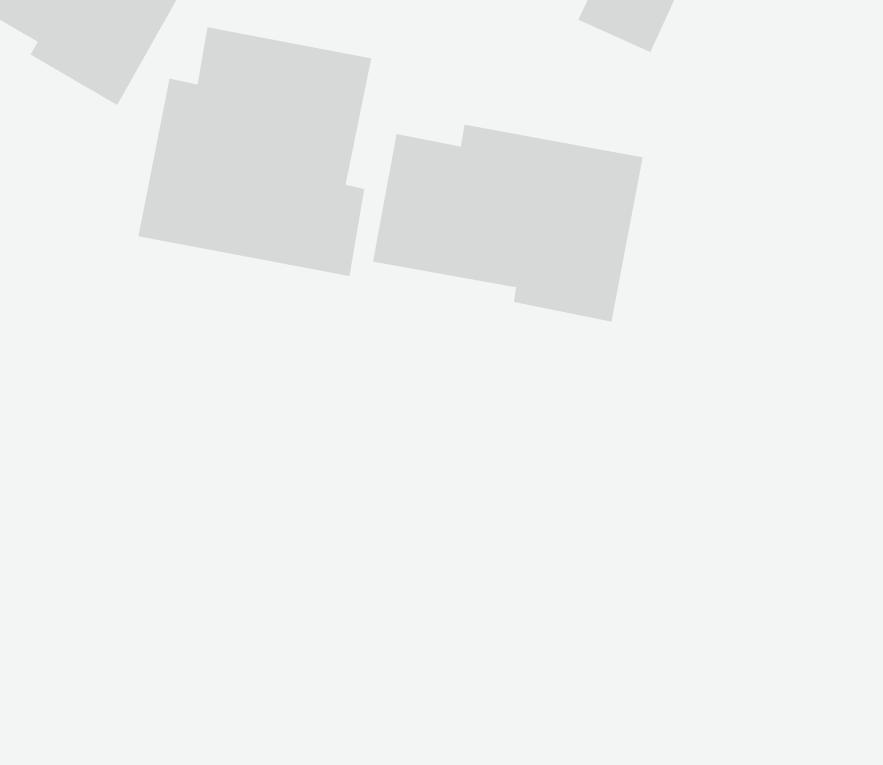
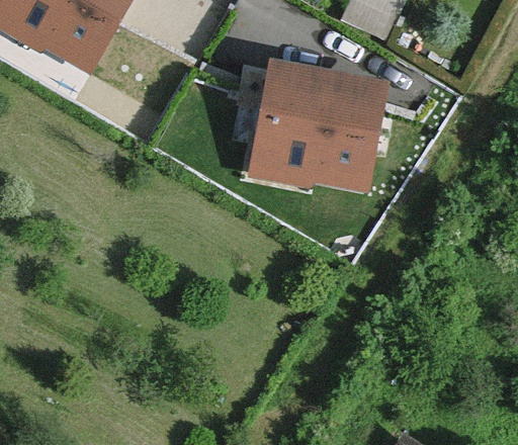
building: [138,26,372,277] -> none

